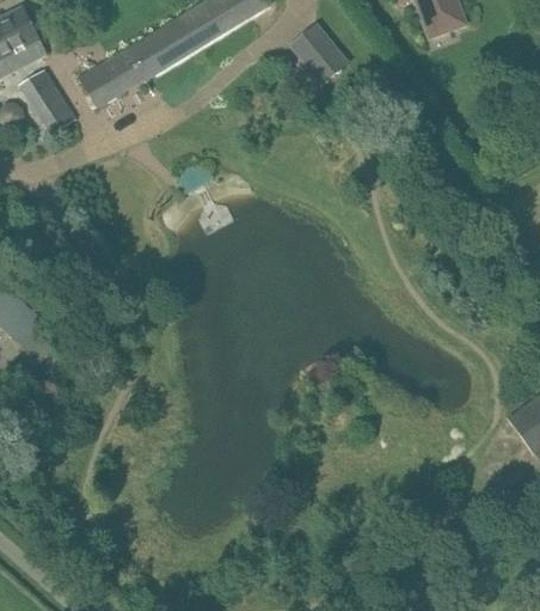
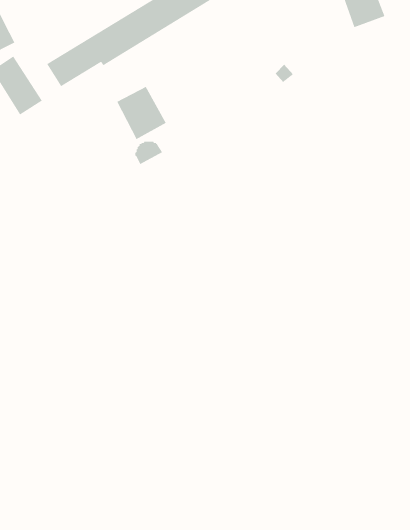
building: [289,22,339,85] -> none
building: none -> [116,86,167,140]

